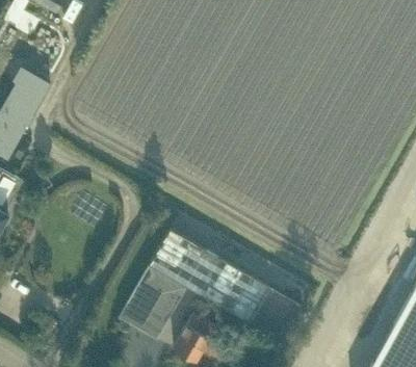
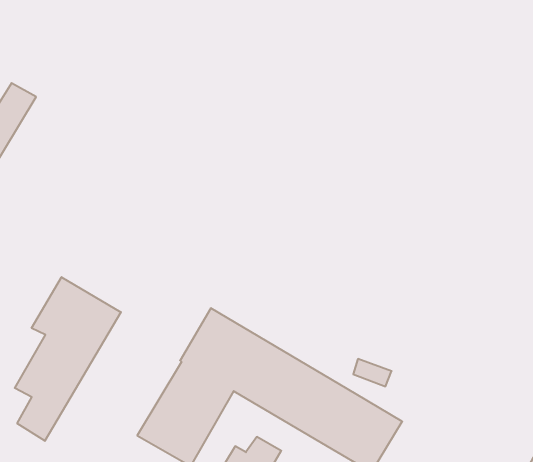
building: none -> [15,277,121,441]

